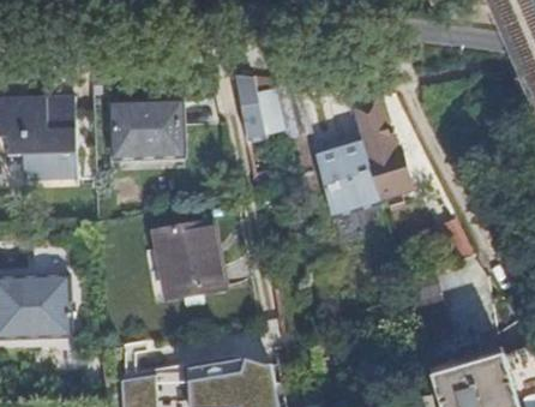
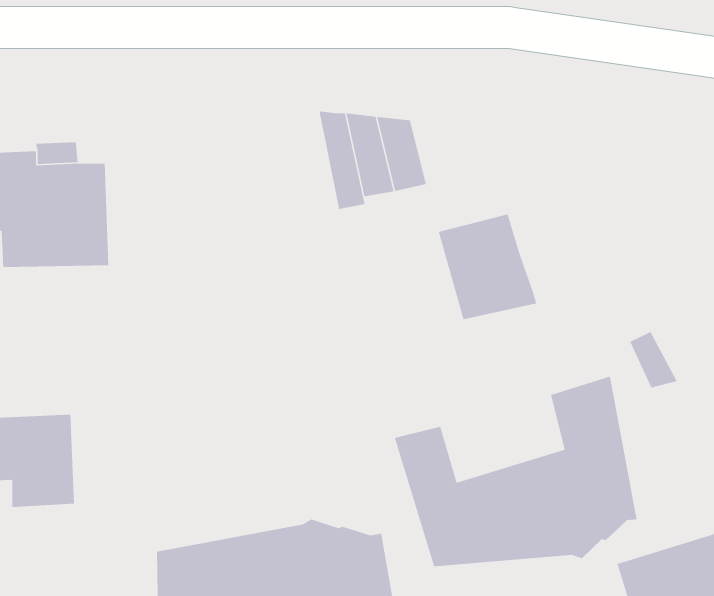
building: [112,101,185,157] -> none
building: [353,107,408,196] -> none
building: [145,222,221,300] -> none
building: none -> [394,376,637,567]

